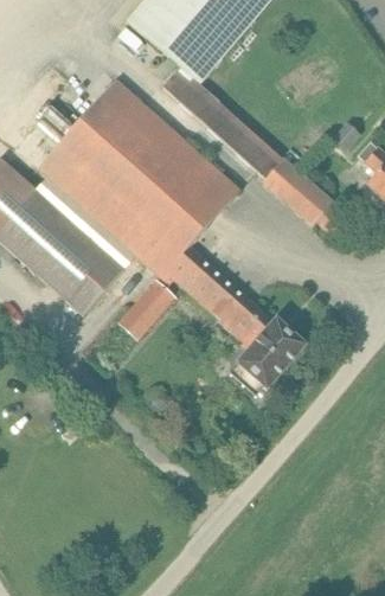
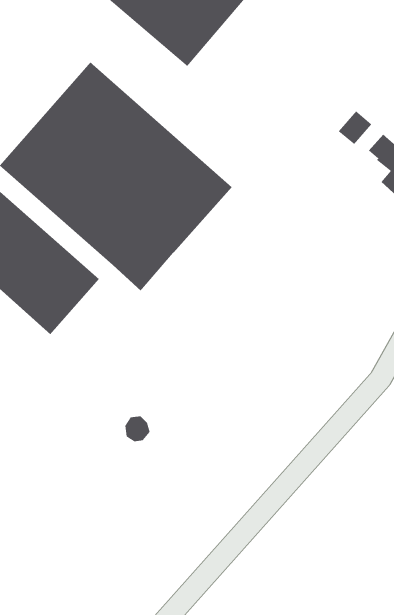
building: [162,66,349,237] -> none
building: [160,244,307,390] -> none
building: [117,281,173,339] -> none

